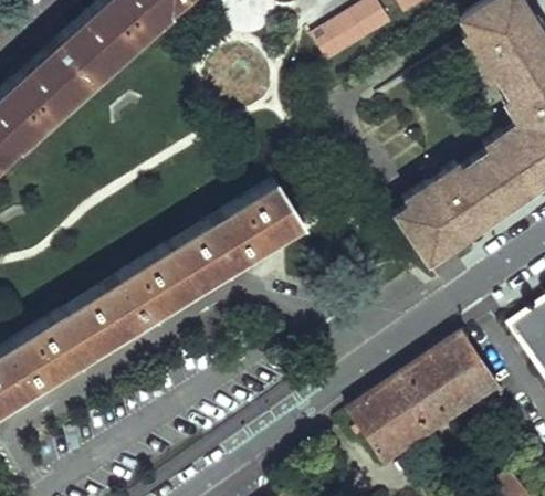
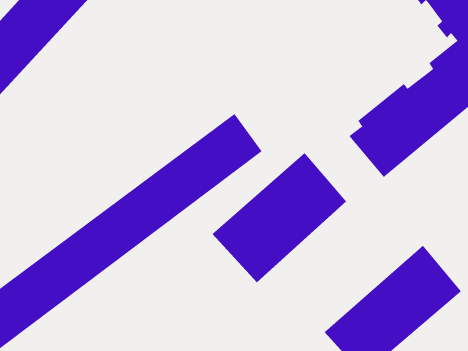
building: none -> [211,152,347,283]

